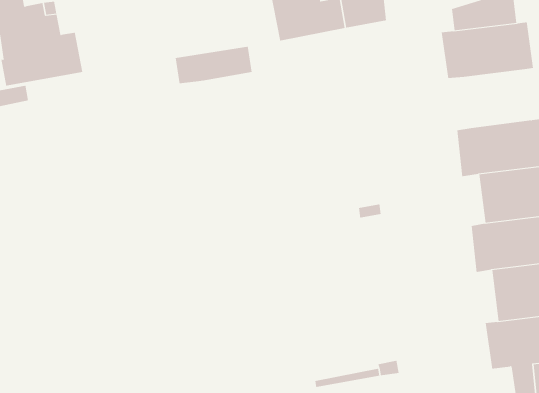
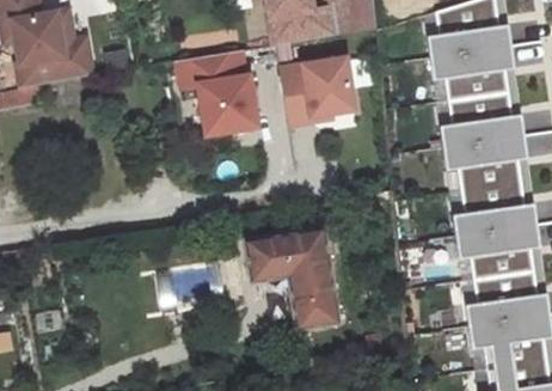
building: none -> [280,54,358,123]
building: none -> [446,71,508,124]
building: none -> [203,73,264,133]
building: none -> [245,227,339,328]

